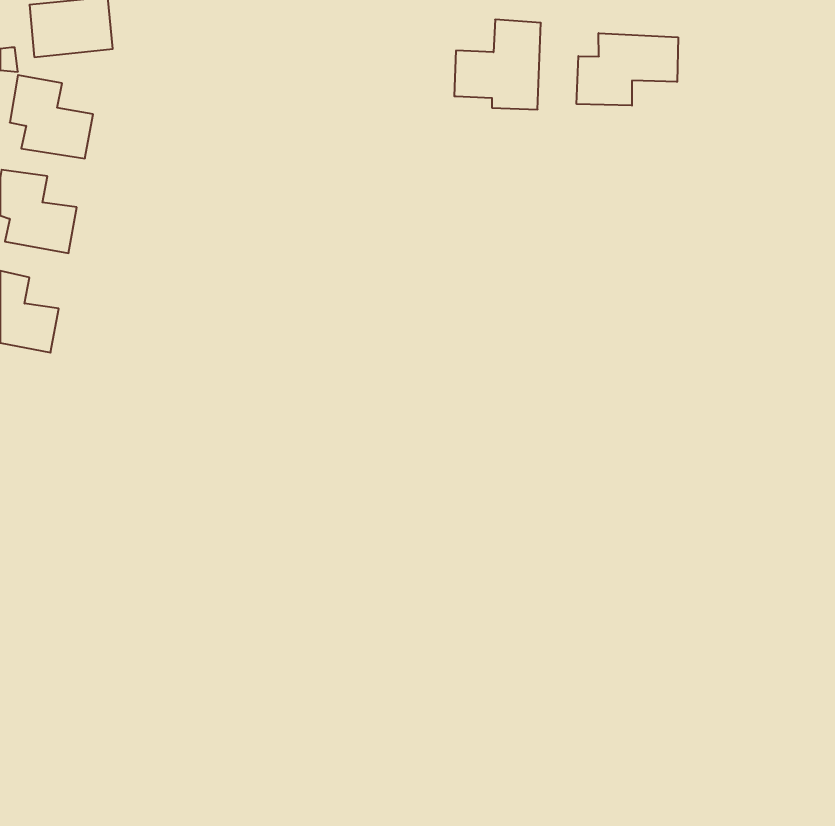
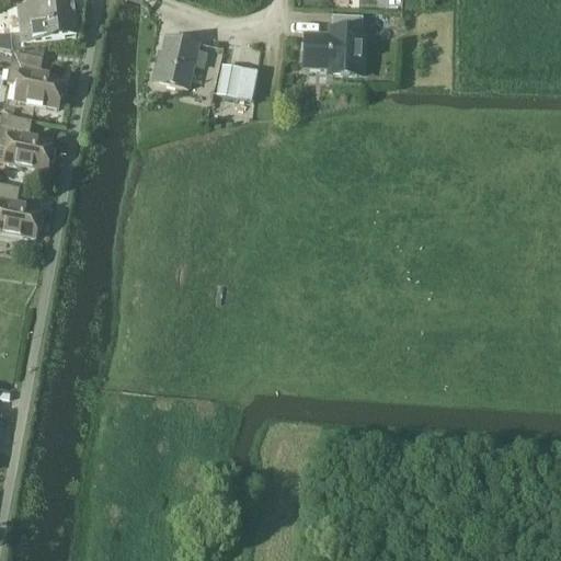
building: [577,33,678,106] -> none
building: none -> [153,35,206,88]
building: none -> [218,64,256,96]

